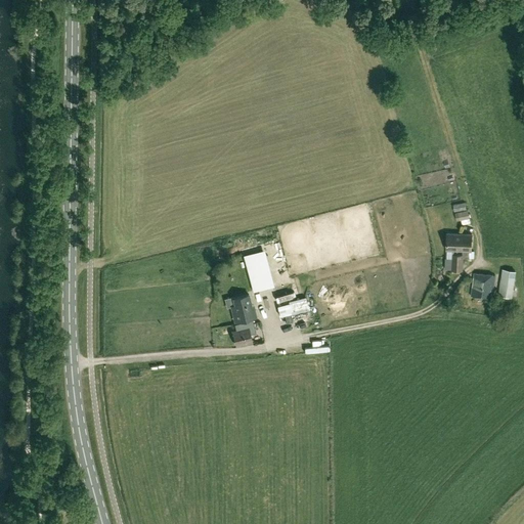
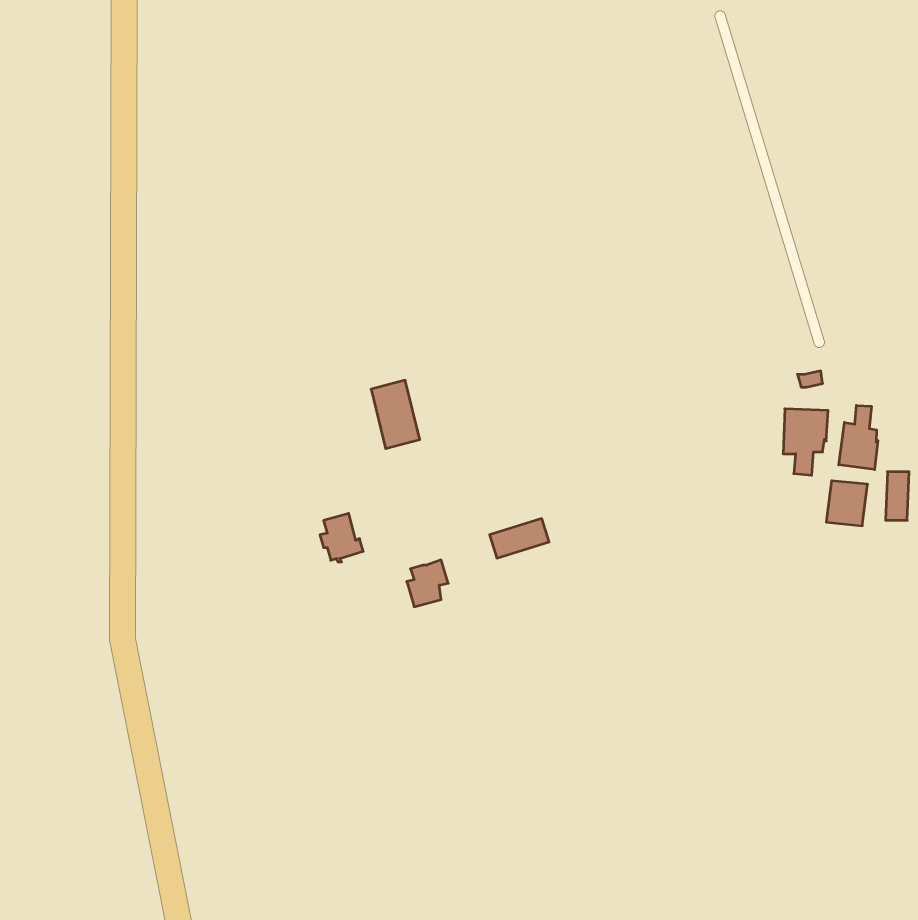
building: none -> [839,405,878,470]
building: [246,252,273,291] -> [371,380,420,449]
building: [230,294,255,321] -> [320,513,363,562]

